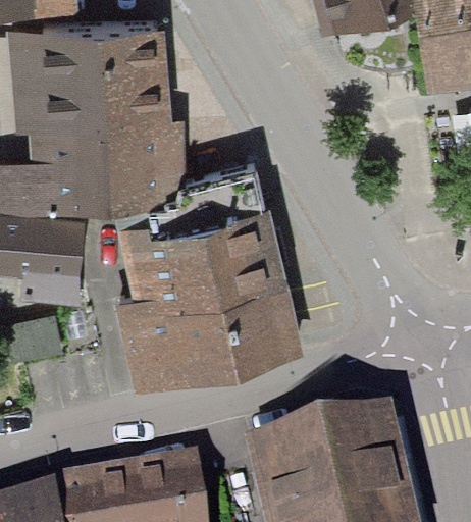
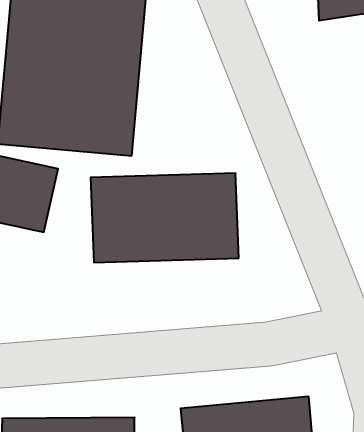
building: [116,288,299,388] -> none

